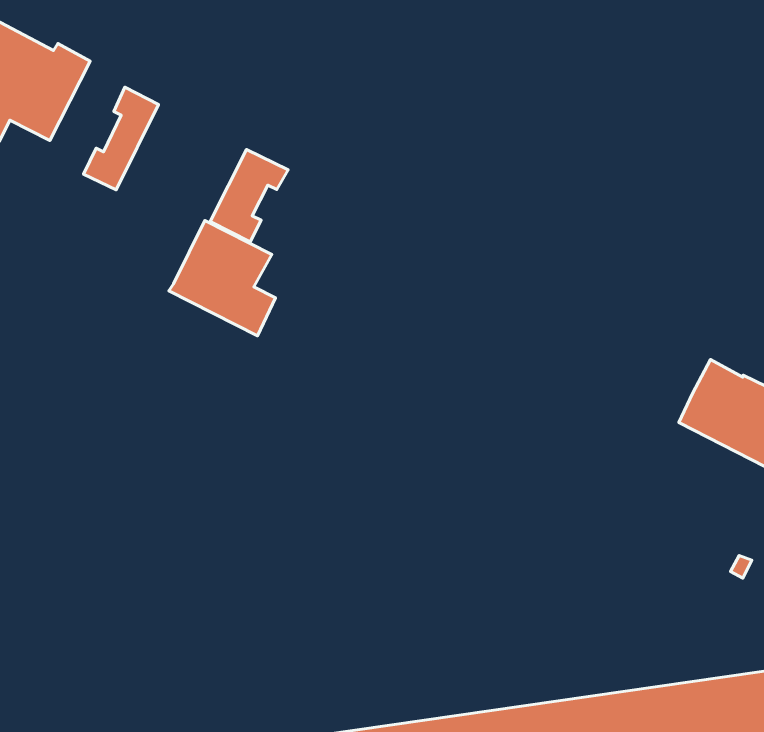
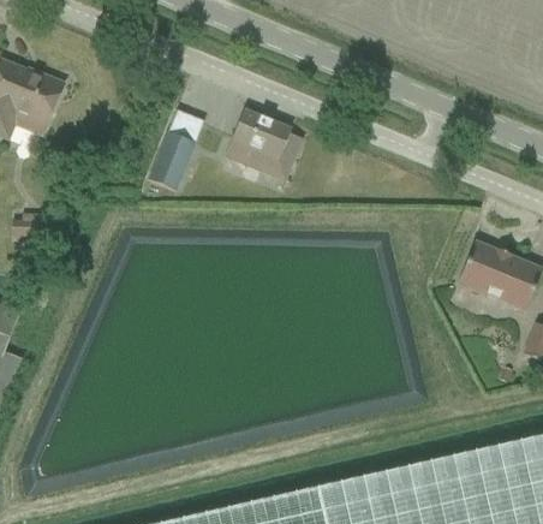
building: [84,87,158,190] -> none
building: [169,221,276,336] -> [227,112,296,183]

